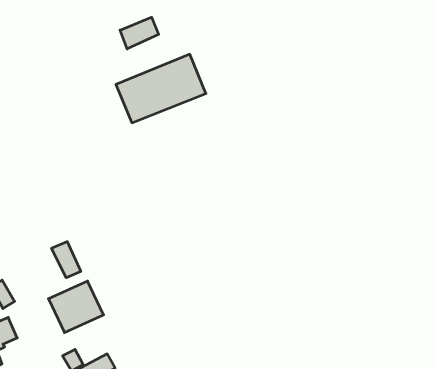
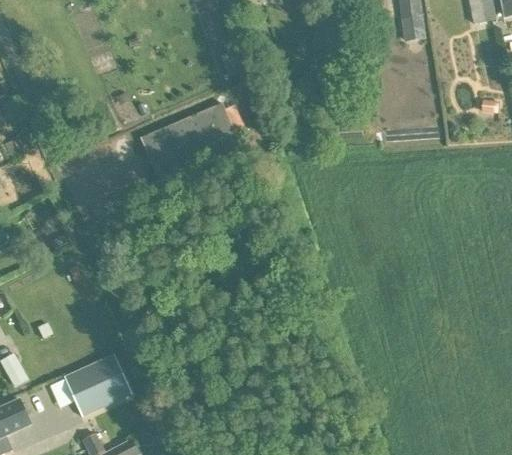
building: [120,17,159,49] -> none
building: [52,242,81,278] -> none

